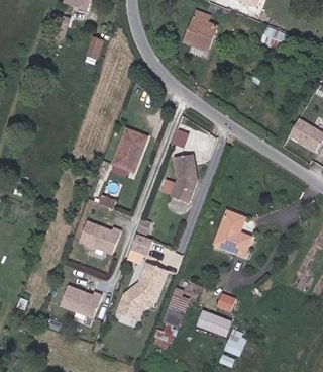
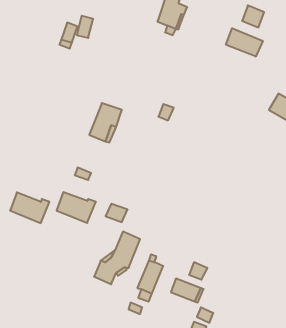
building: none -> [226,28,263,57]
building: [169,155,196,204] -> none
building: [213,213,249,258] -> none
building: [55,285,96,317] -> [10,192,49,223]

